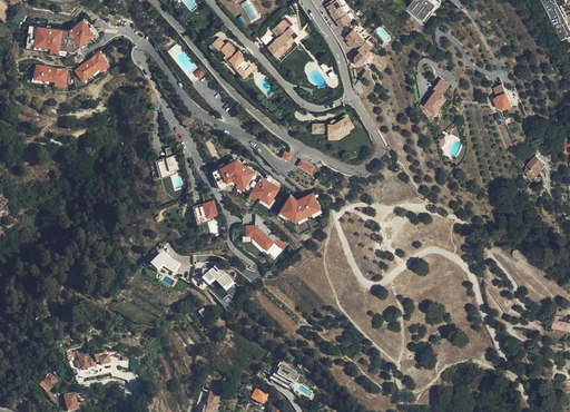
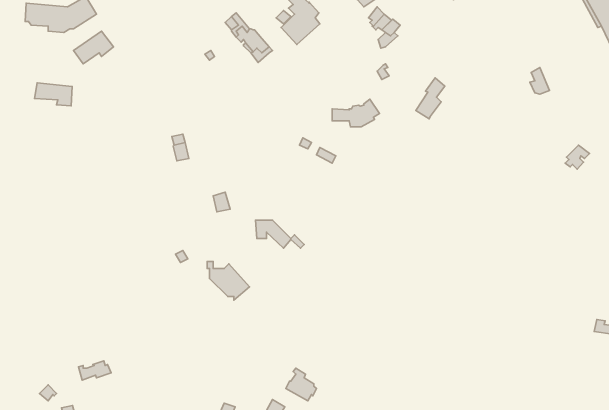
building: [33,65,68,86] -> [35,83,72,106]
building: [423,78,450,116] -> [416,78,445,119]
building: [208,157,279,207] -> none
building: [276,192,322,223] -> none

